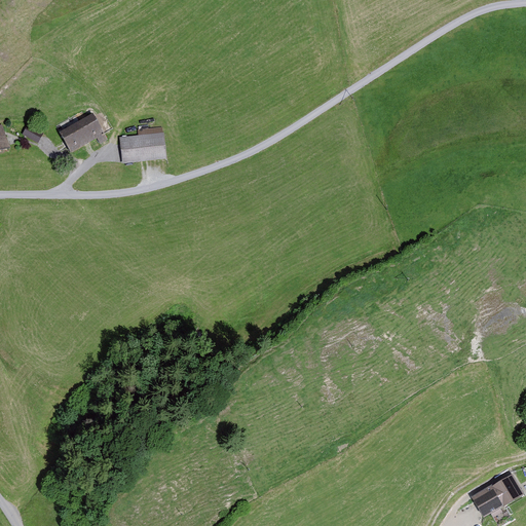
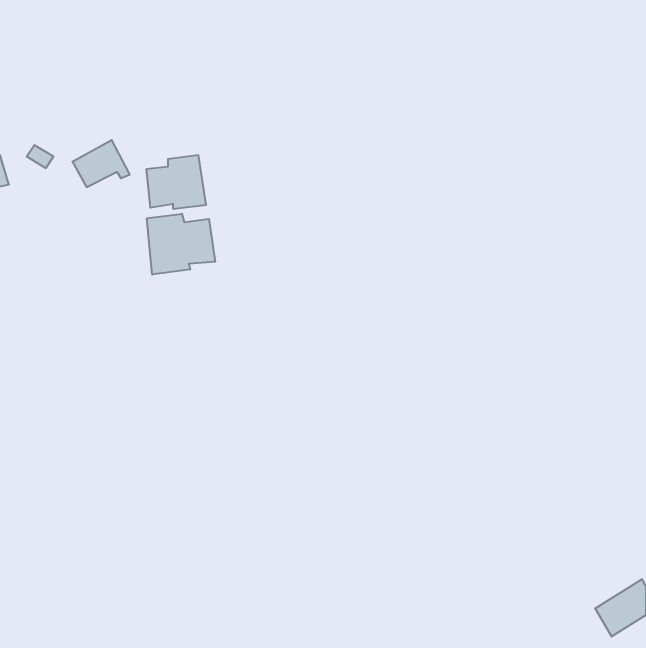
building: none -> [147,214,215,275]

